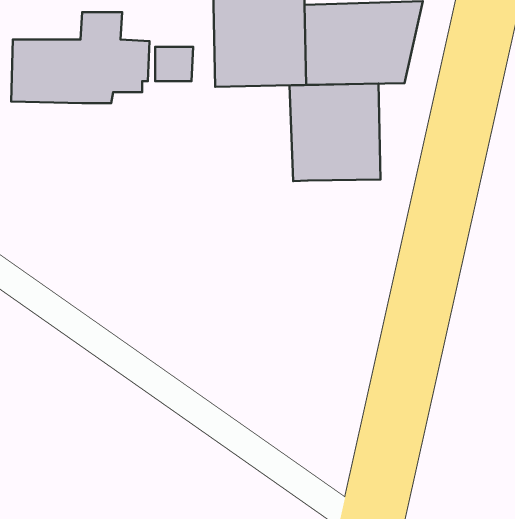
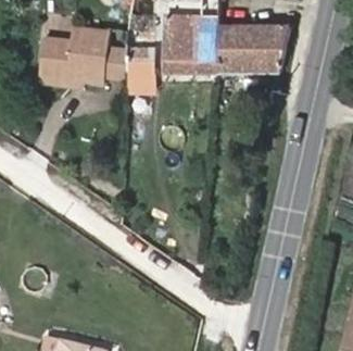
building: [289,84,380,181] -> none

